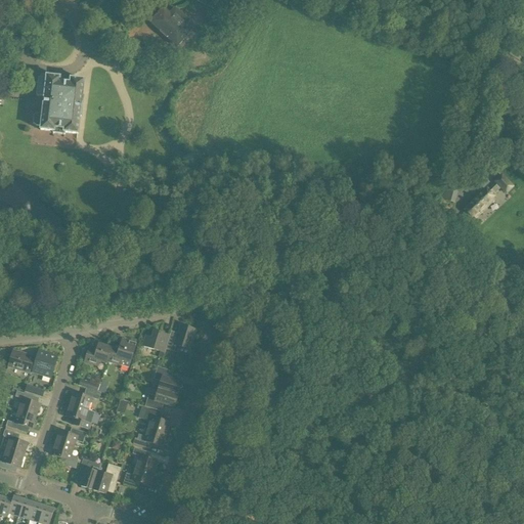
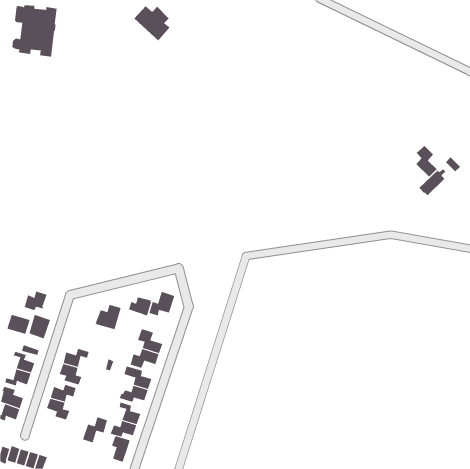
building: [32,75,83,133] -> [11,5,57,57]
building: none -> [415,145,437,178]
building: [84,342,111,364] -> [24,291,48,311]
building: [78,458,99,488] -> [111,436,130,462]

